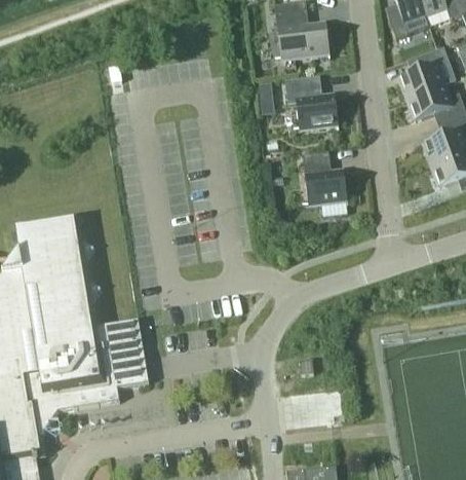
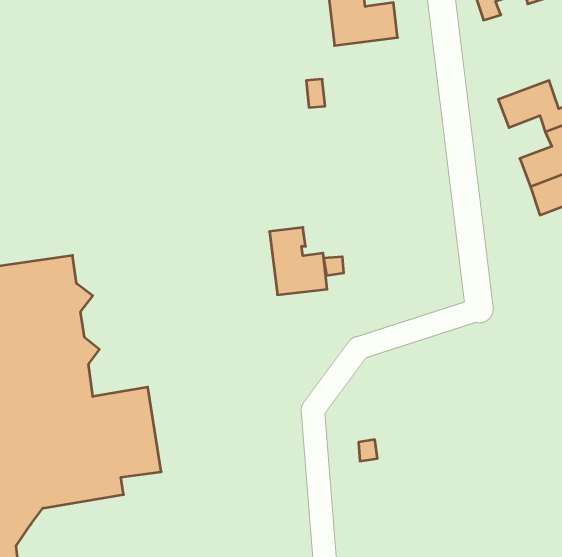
building: [398,46,450,98] -> none
building: [293,76,337,127] -> none
building: [302,151,346,202] -> [269,227,327,295]

